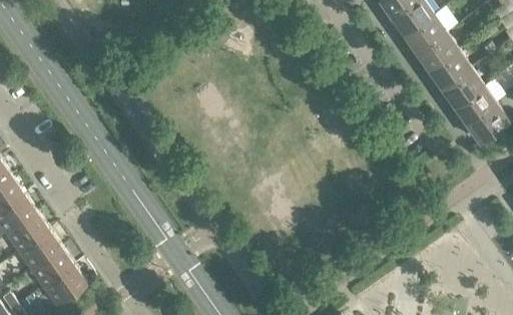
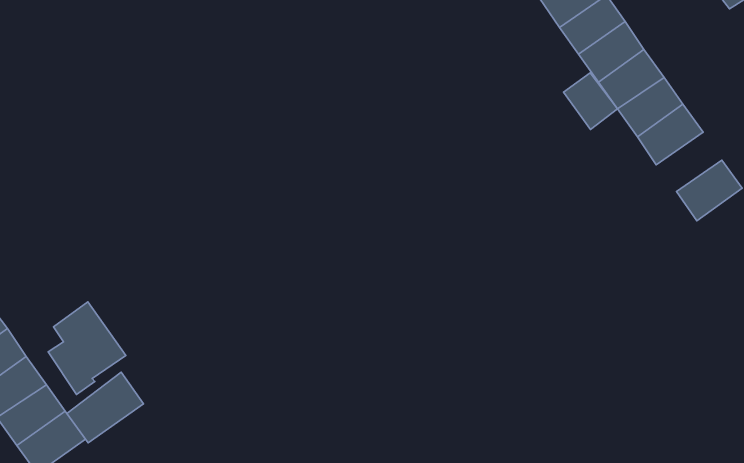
building: none -> [564,73,618,129]
building: [453,85,495,123] -> none
building: none -> [48,302,126,394]
building: none -> [67,372,143,443]

